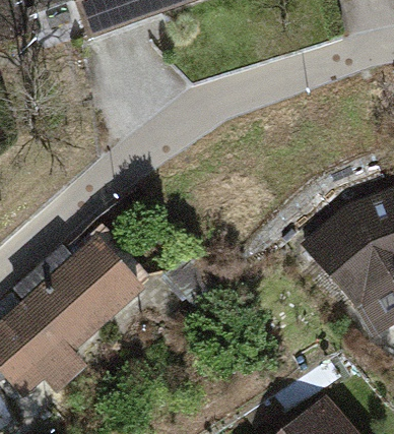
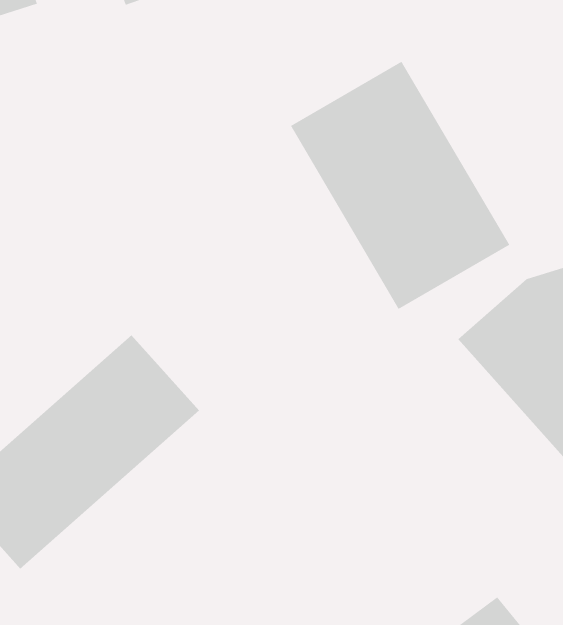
building: none -> [290,61,510,310]

